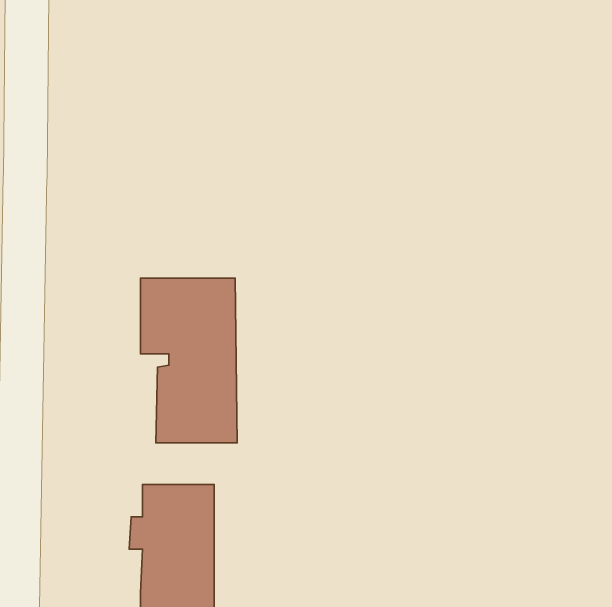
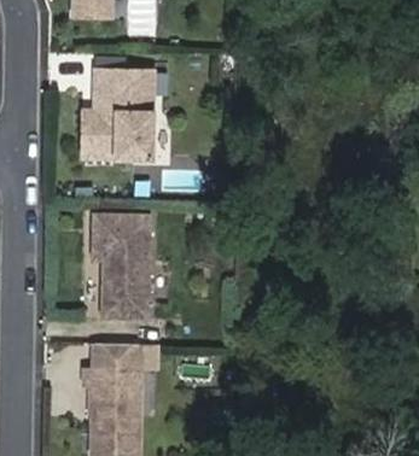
building: none -> [83,70,155,159]

